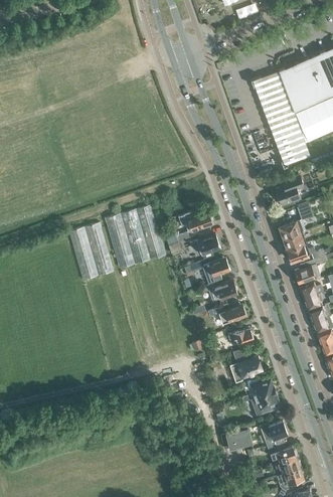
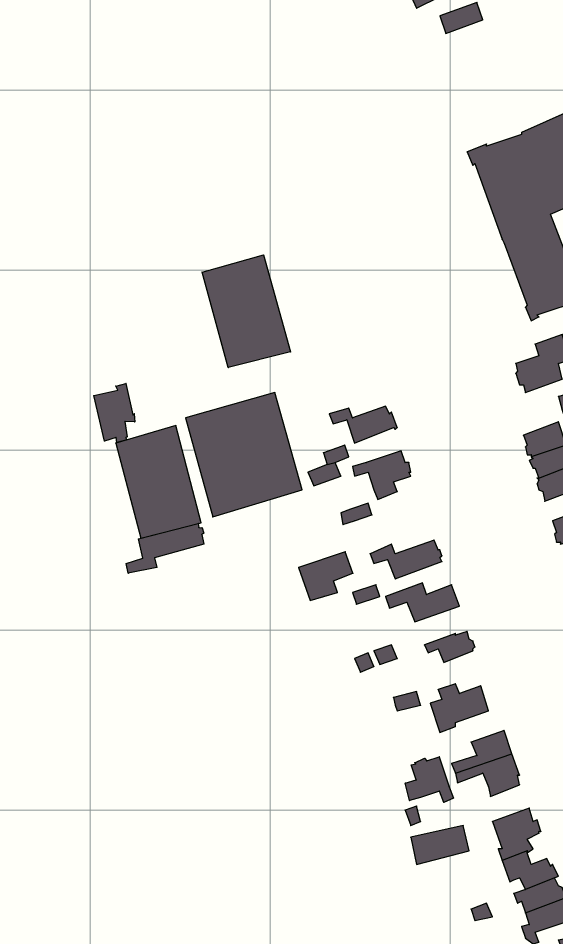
building: none -> [202,255,291,368]
building: none -> [94,383,135,442]
building: [202,259,230,284] -> [299,552,353,600]
building: none -> [126,523,204,573]
building: none -> [405,757,454,802]

